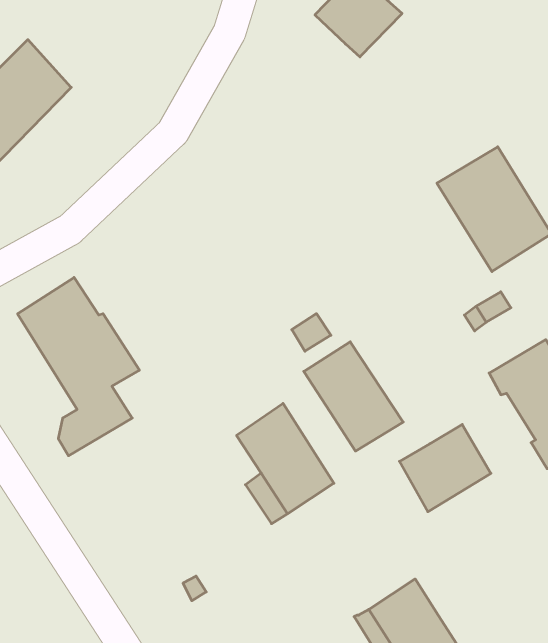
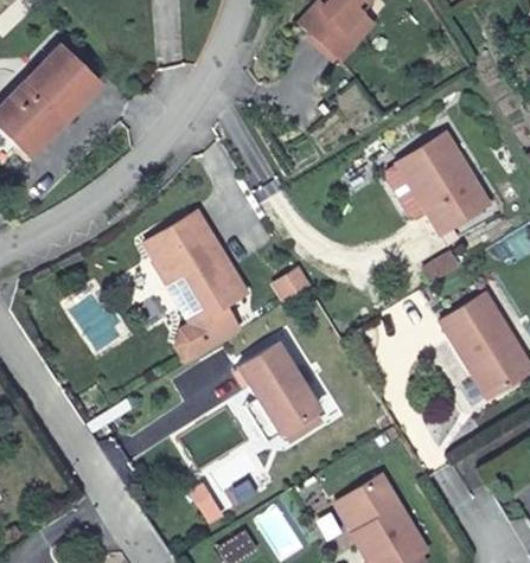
building: [18,277,139,456] -> [145,215,244,360]
building: [304,342,403,451] -> none
building: [399,424,491,512] -> none

